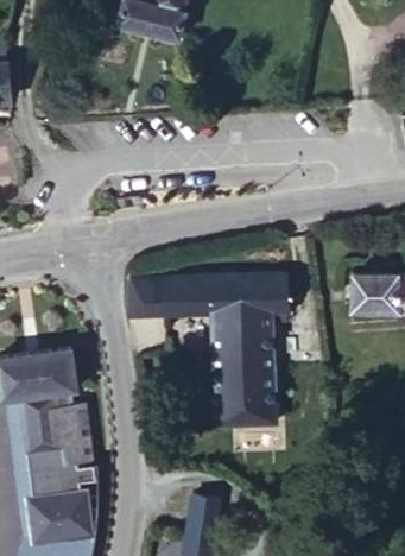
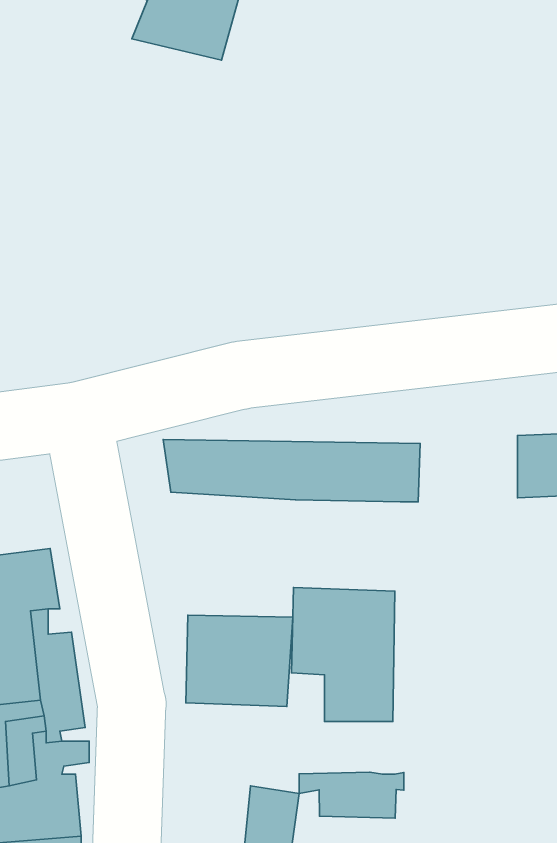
building: [215,308,280,364] -> [186,615,293,707]
building: none -> [299,772,404,818]

